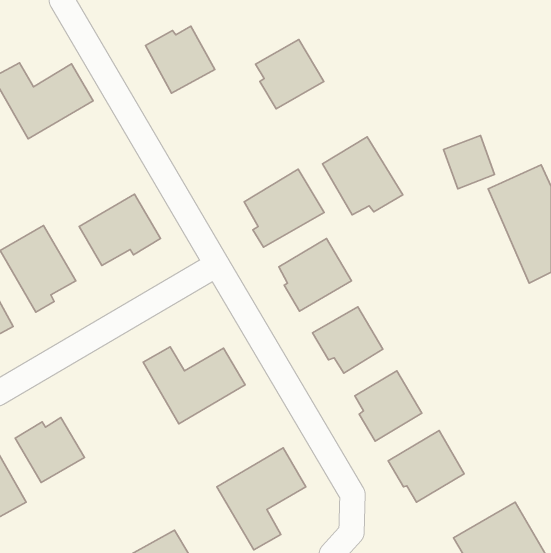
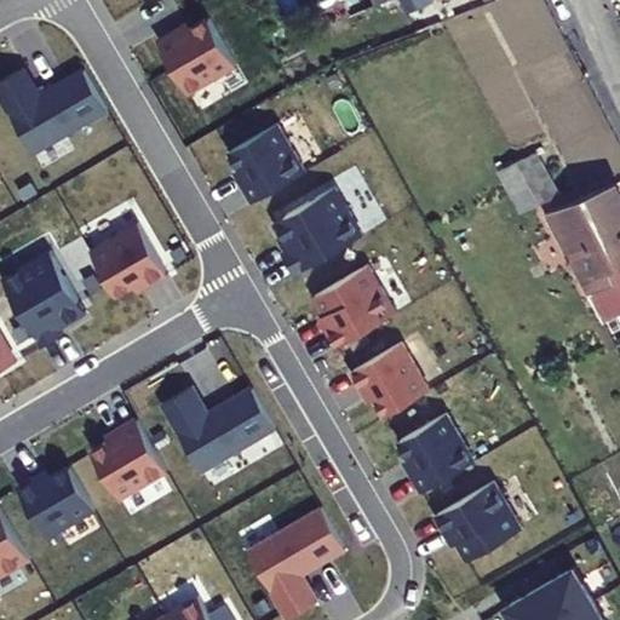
building: [256,39,324,109] -> [226,127,303,205]
building: [322,137,403,215] -> none
building: none -> [88,420,167,501]

